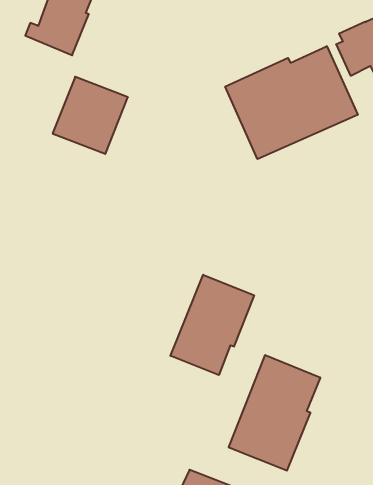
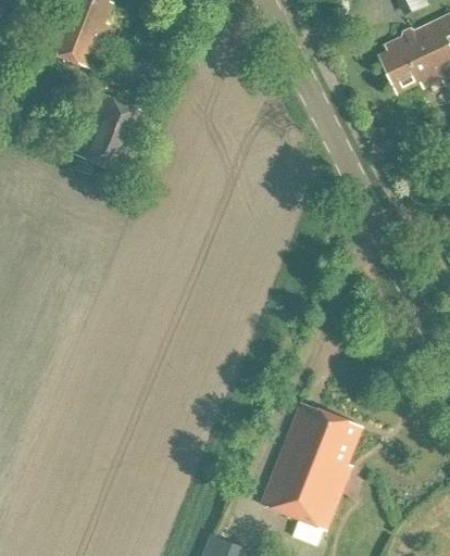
building: [225,46,358,159] -> none
building: [170,275,254,375] -> none

